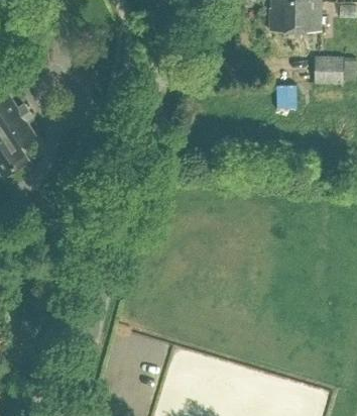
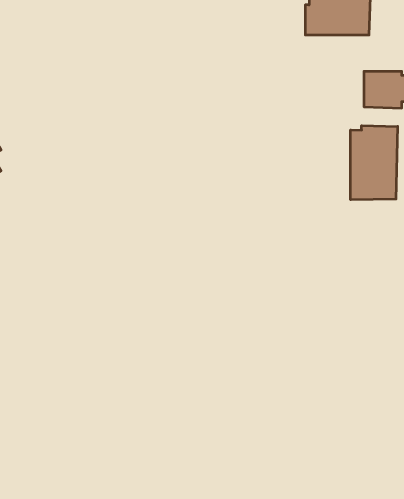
building: none -> [351,126,398,200]

